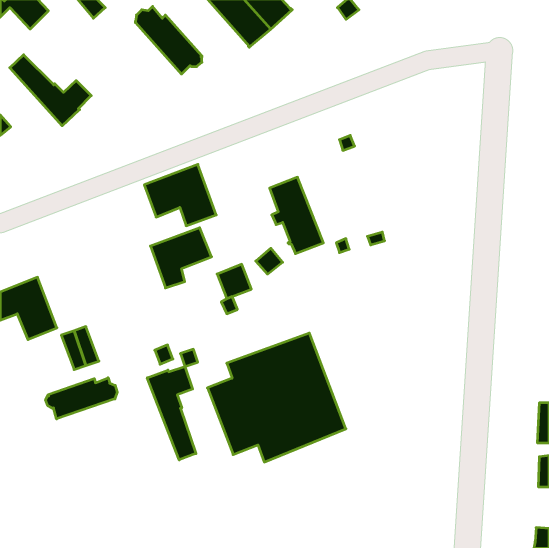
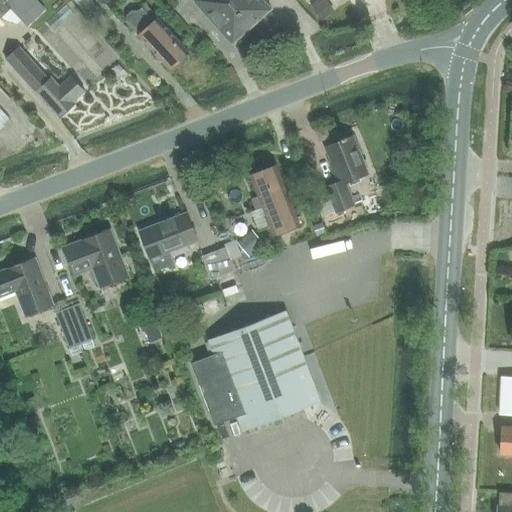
building: none -> [326,136,368,211]
building: [144,164,216,226] -> [61,228,128,285]
building: [147,366,196,460] -> none
building: [46,378,117,419] -> none

